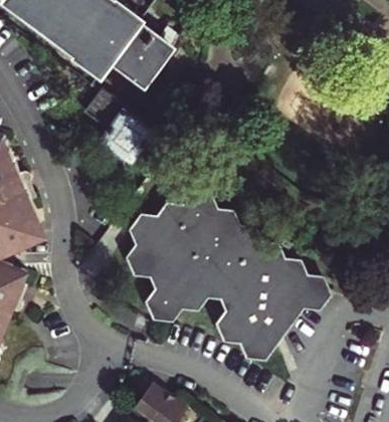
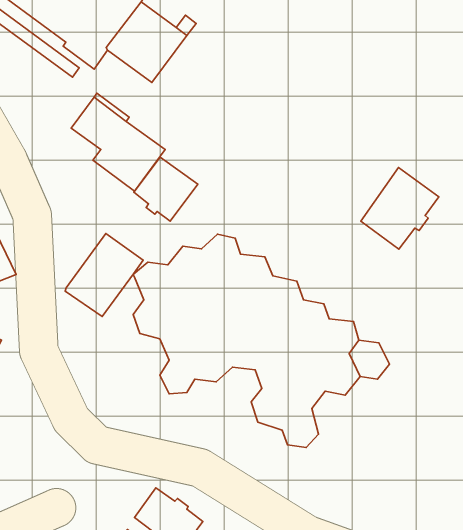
building: none -> [134,157,198,221]
building: none -> [361,168,439,249]
building: none -> [65,233,143,317]

